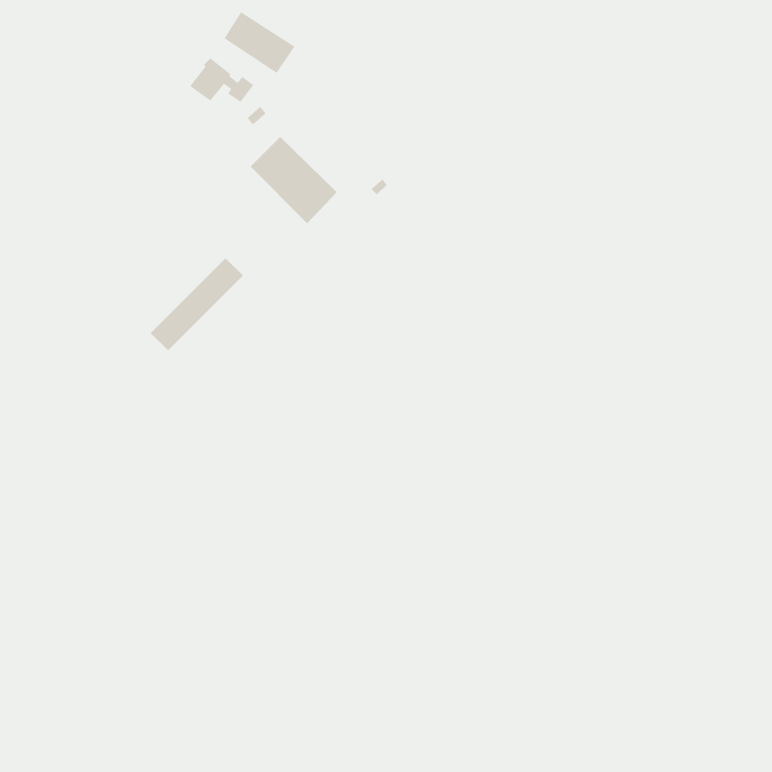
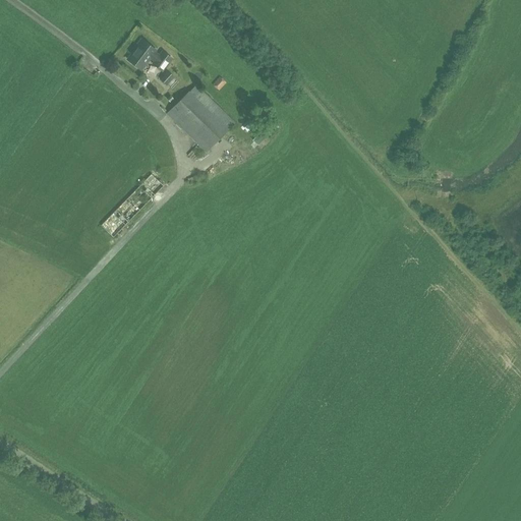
building: [223,11,296,74] -> none

